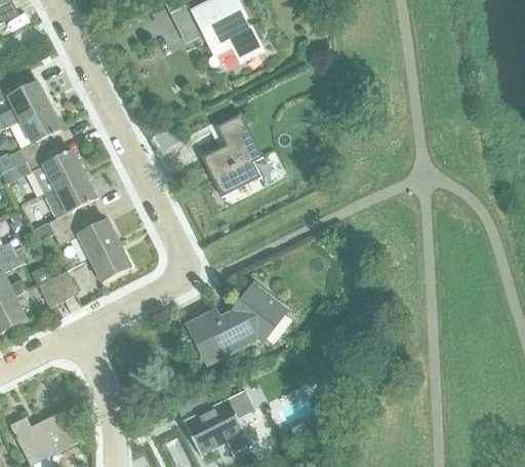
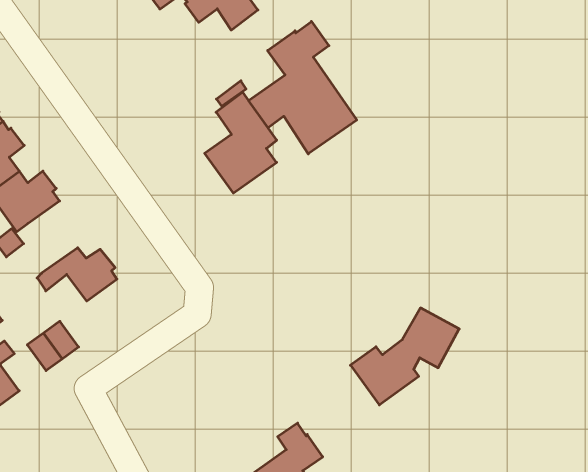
building: none -> [249,21,357,154]
building: [49,177,96,234] -> none
building: [90,245,131,281] -> none
building: [191,288,281,359] -> [350,308,459,405]

